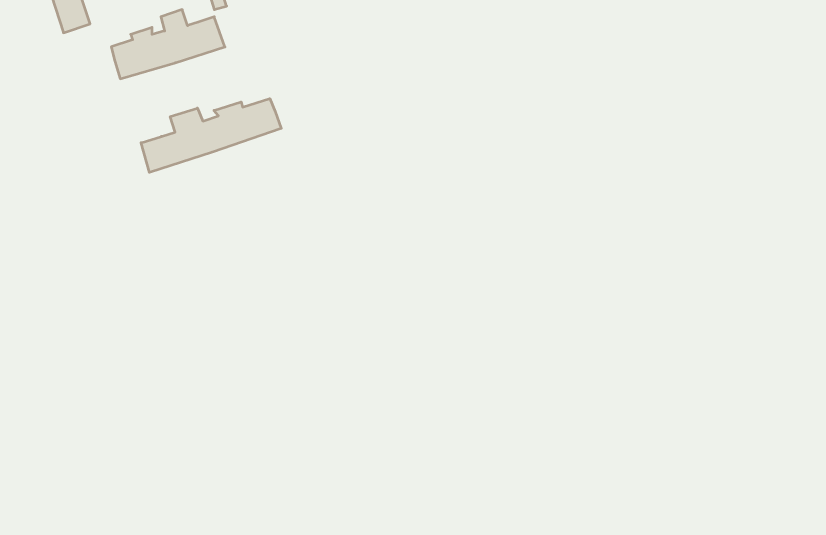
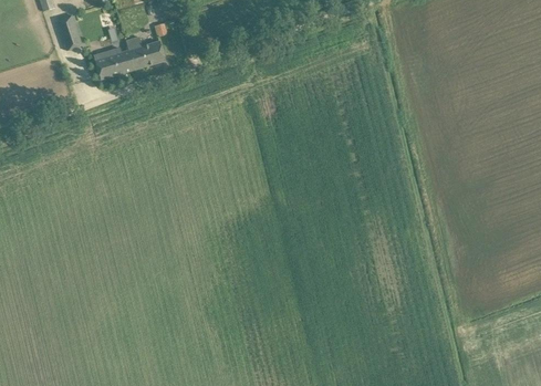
building: [141,99,281,172] -> none

